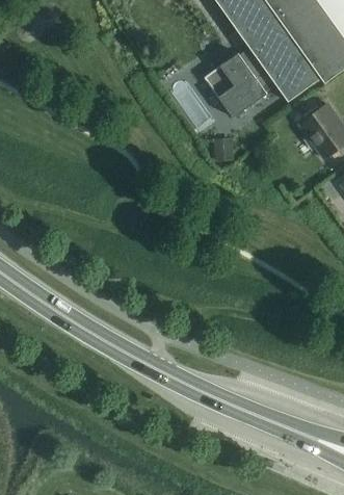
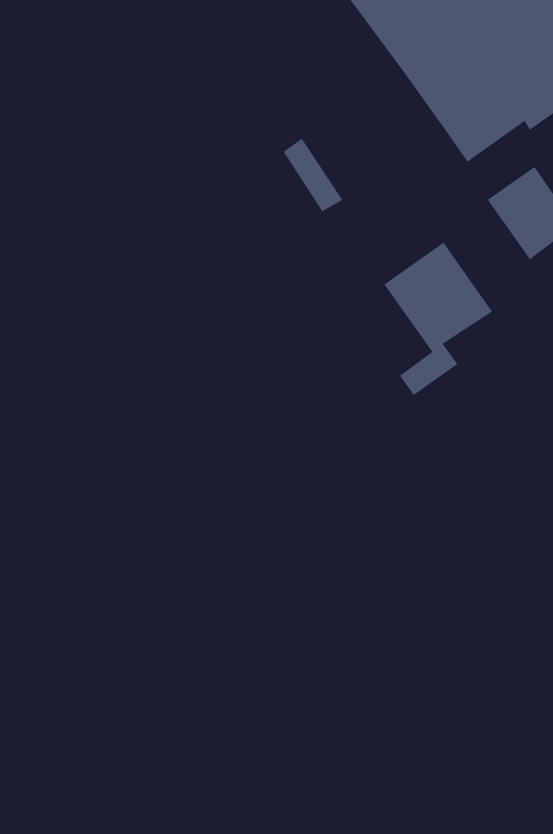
building: [204,47,275,116] -> none
building: none -> [384,242,493,396]

